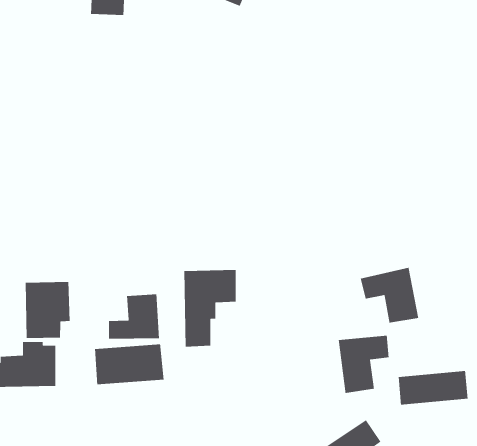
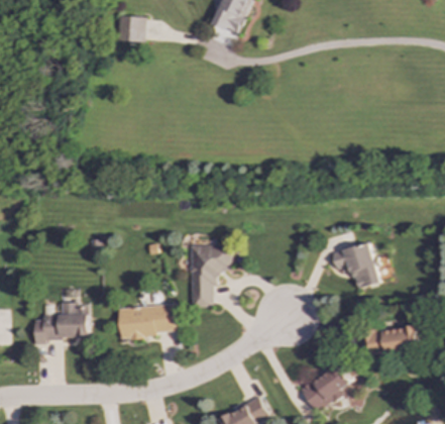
building: [25,281,70,339] -> none
building: [108,293,160,340] -> none
building: [338,335,390,394] -> none

